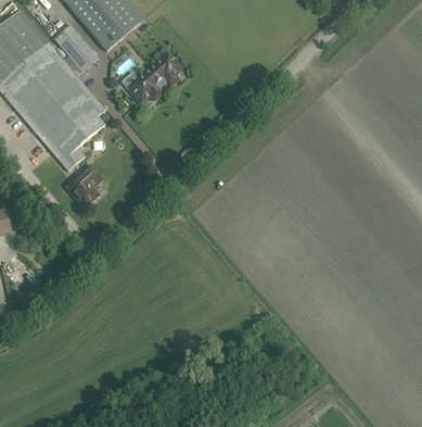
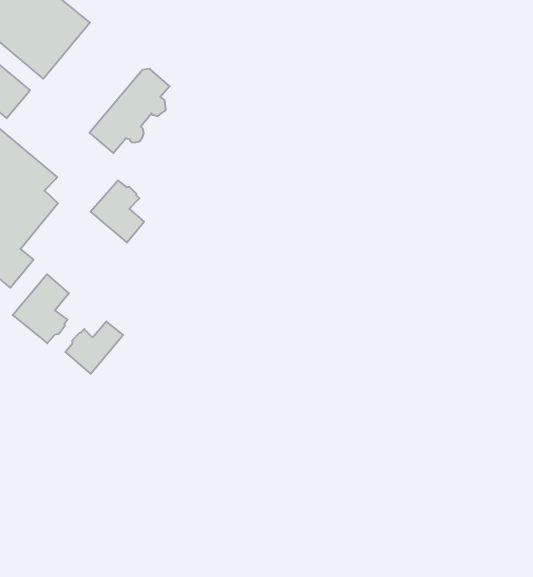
building: none -> [91,180,144,243]
building: none -> [65,321,123,374]

